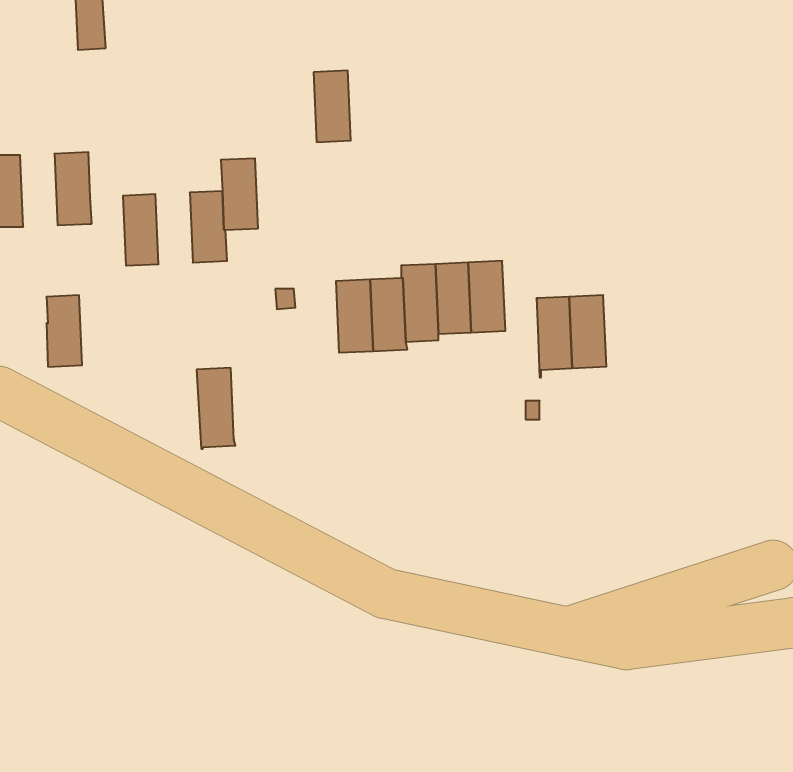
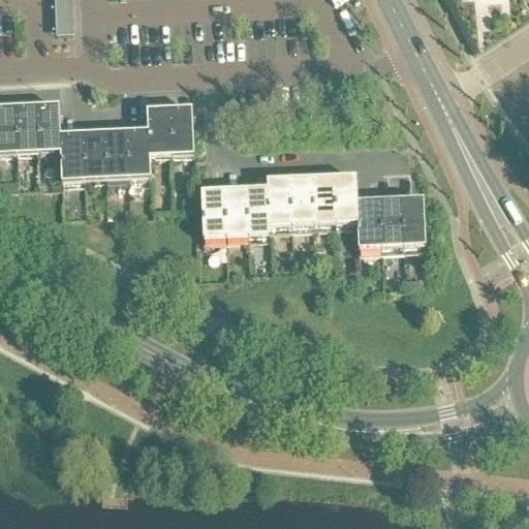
building: [314,71,351,142] -> [169,104,194,152]
building: none -> [13,102,38,151]
building: none -> [103,128,128,176]
building: none -> [334,173,357,220]
building: none -> [401,195,426,249]
building: [46,295,82,367] -> [60,130,84,178]
building: [197,368,235,449] -> [200,187,226,241]

